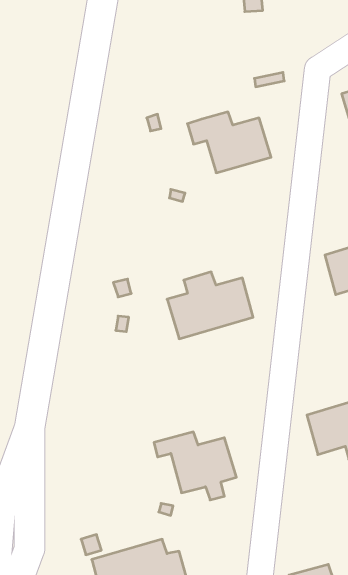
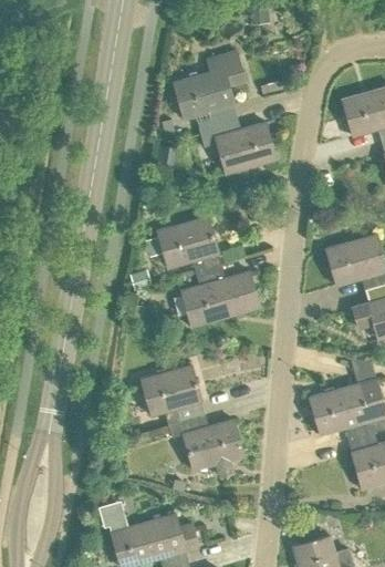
building: none -> [174,51,246,123]
building: none -> [157,216,221,272]
building: none -> [141,364,205,423]

